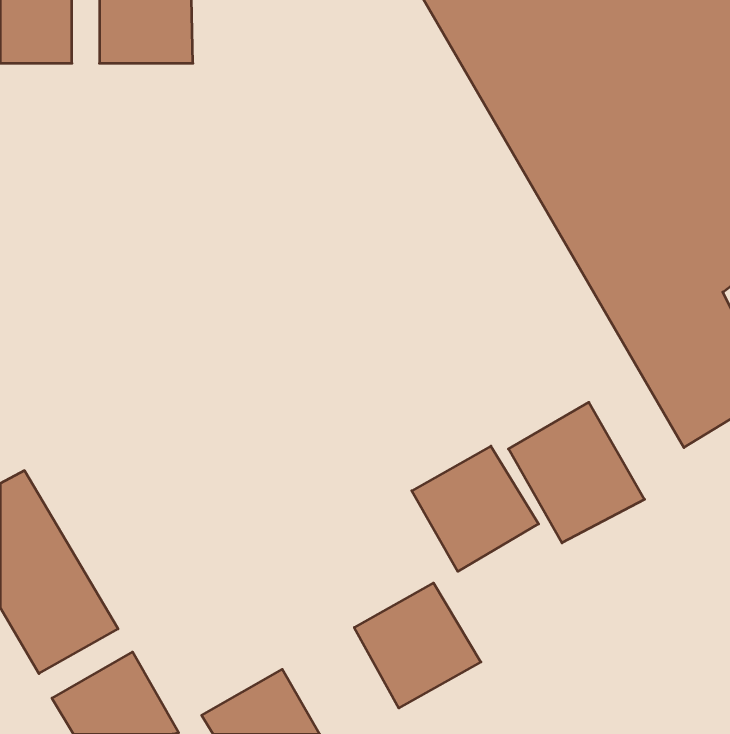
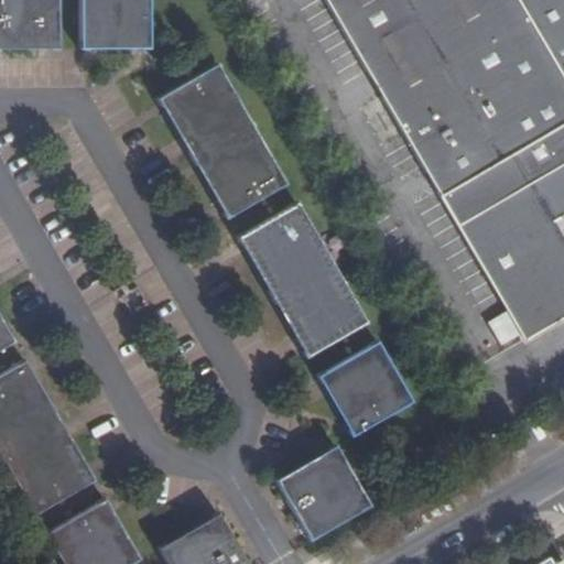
building: none -> [158,65,290,221]
building: none -> [238,202,370,358]
building: [508,402,645,543] -> none

